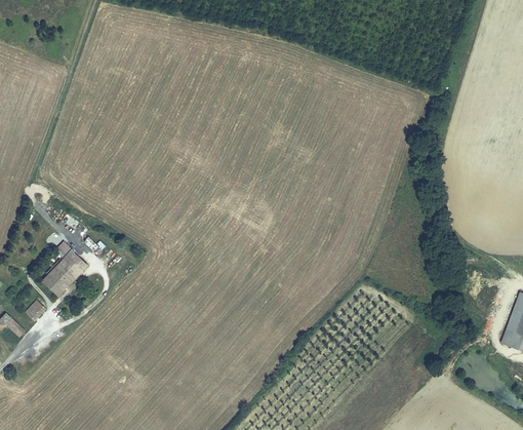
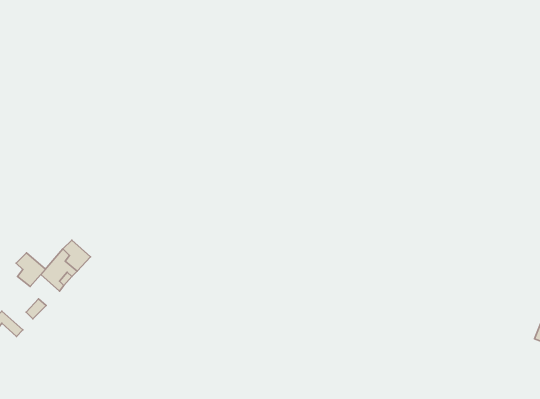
building: none -> [16,253,45,286]

